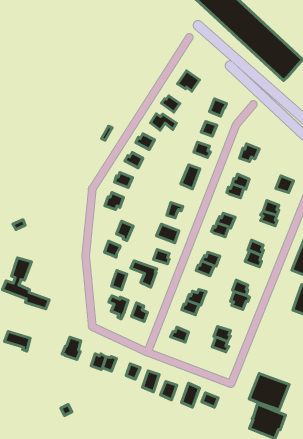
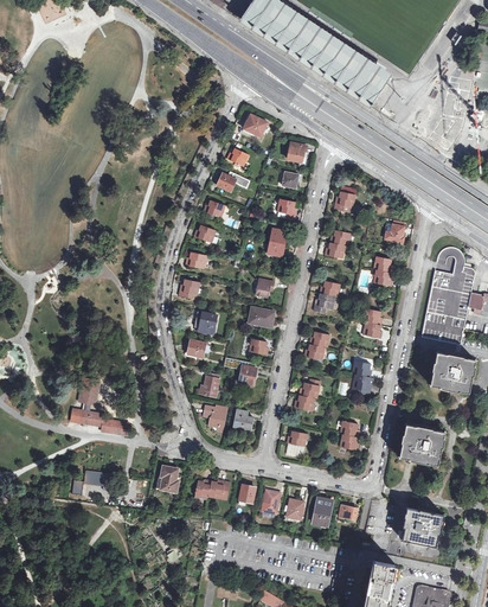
building: [249,374,289,410] -> [399,424,445,465]

